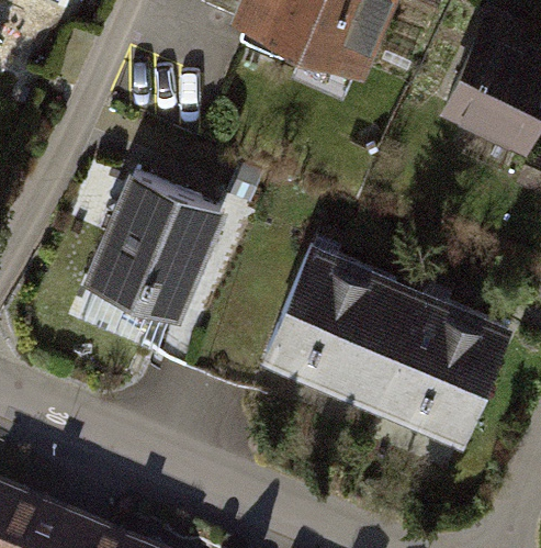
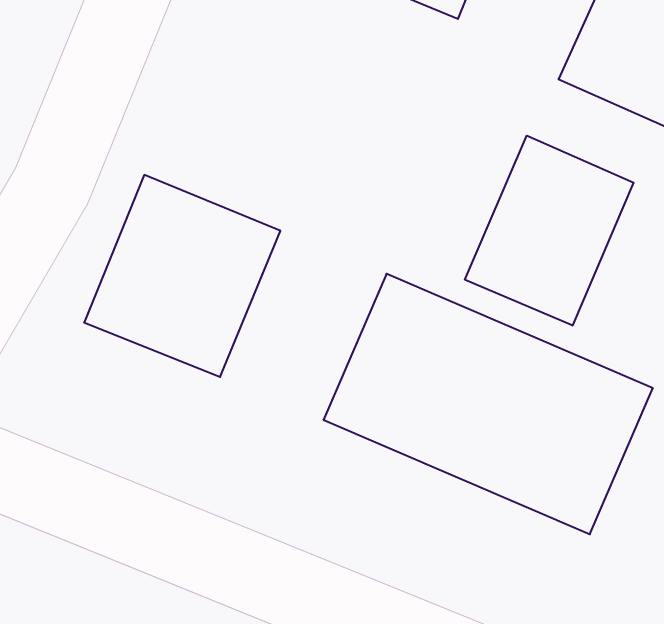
building: none -> [465,136,634,326]

